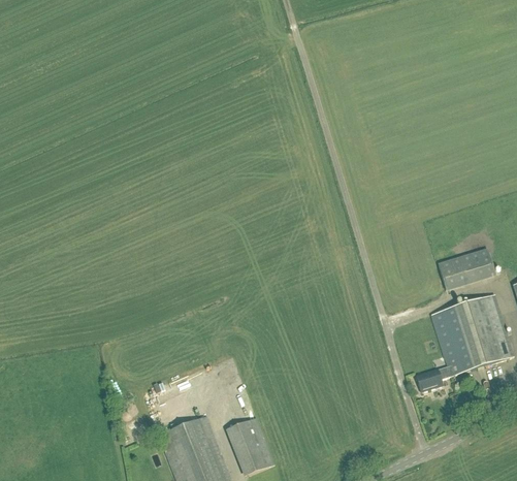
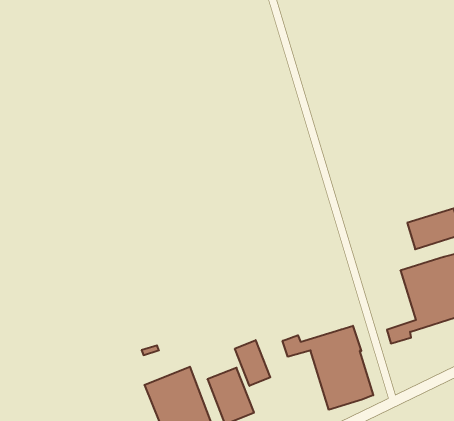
building: none -> [283,326,373,410]
building: none -> [235,340,270,386]

